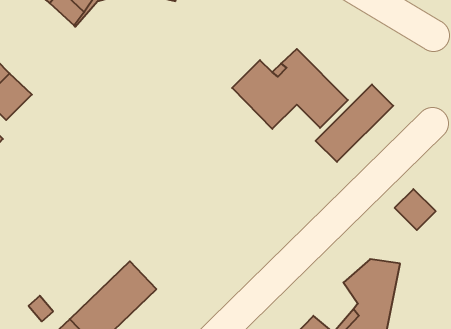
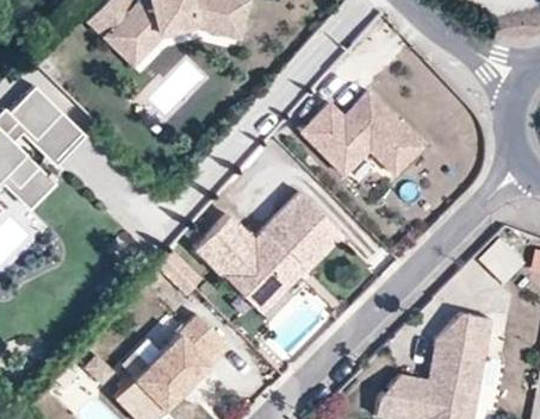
building: [316,84,393,162] -> none
building: none -> [198,196,341,307]

